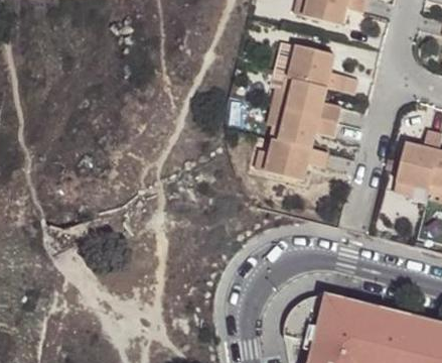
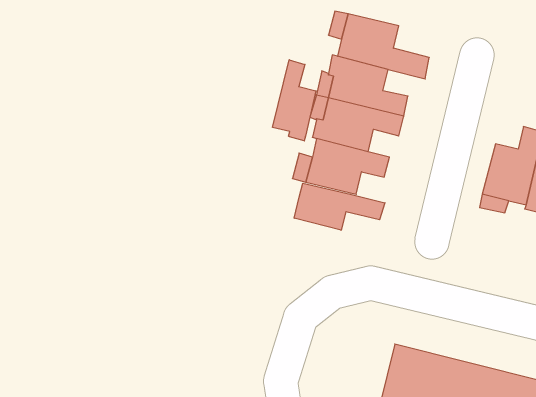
building: none -> [273,60,316,141]
building: none -> [294,183,385,230]

